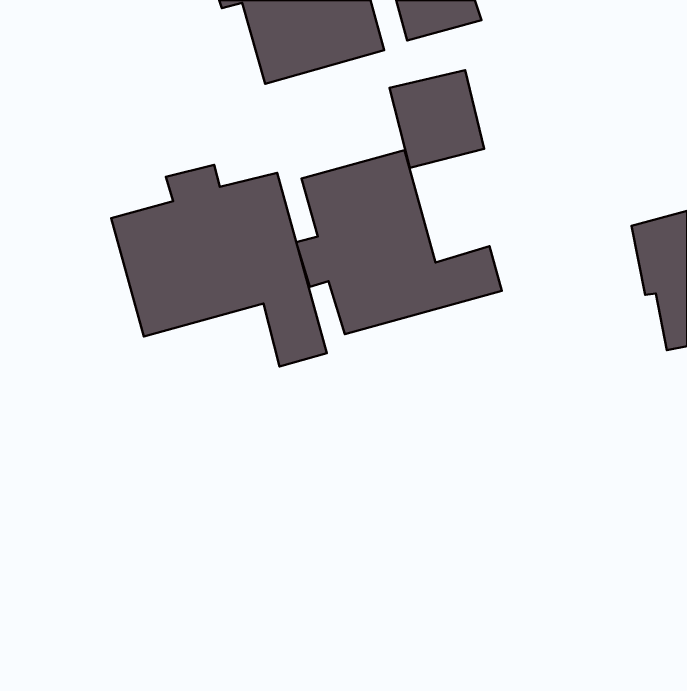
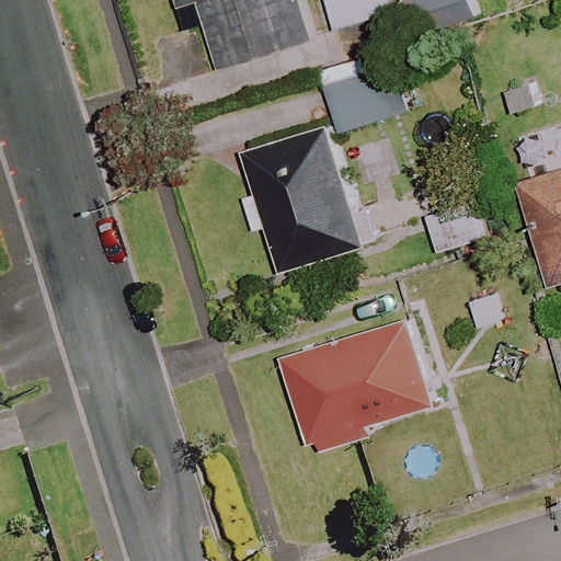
building: [111,165,327,367] -> none
building: none -> [283,318,435,457]

